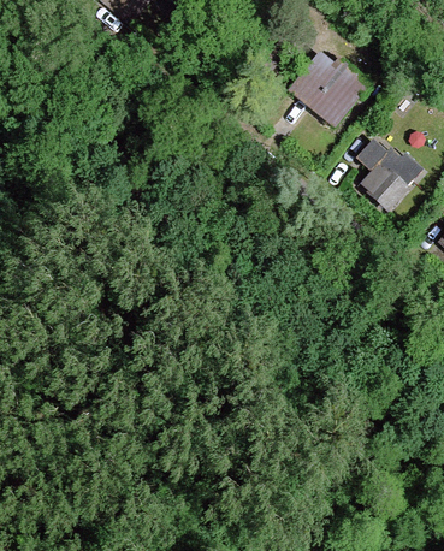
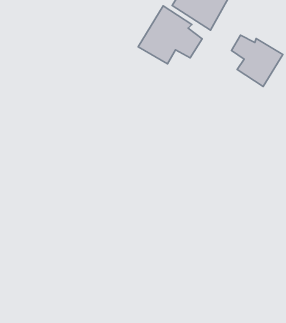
building: none -> [138,6,202,64]

